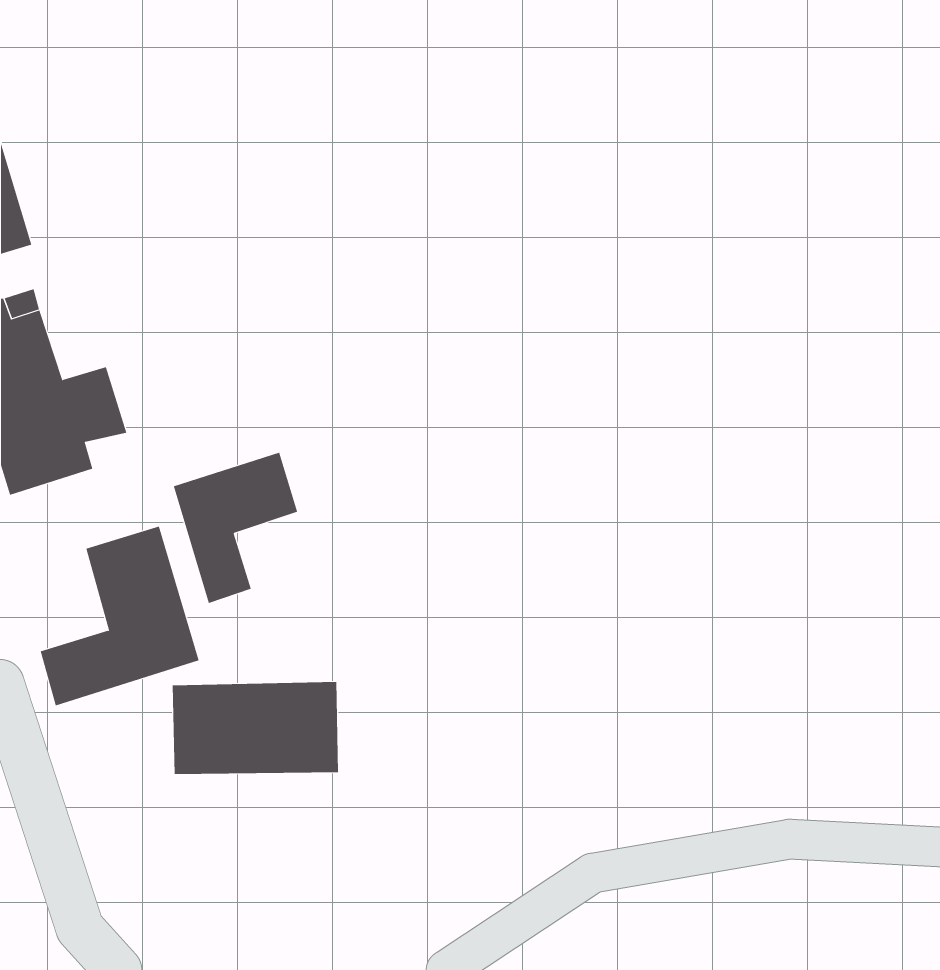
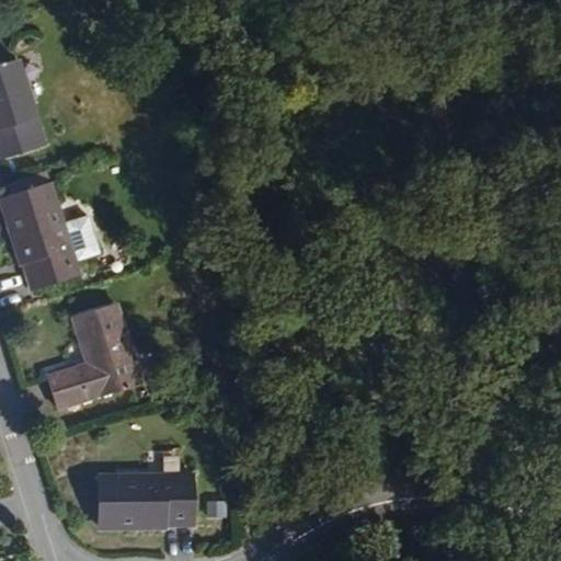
building: [173,452,298,604] -> none
building: [172,681,339,774] -> [92,477,188,530]

